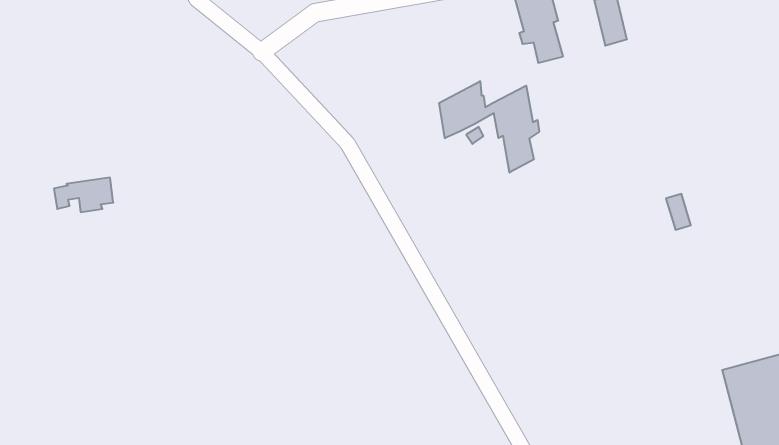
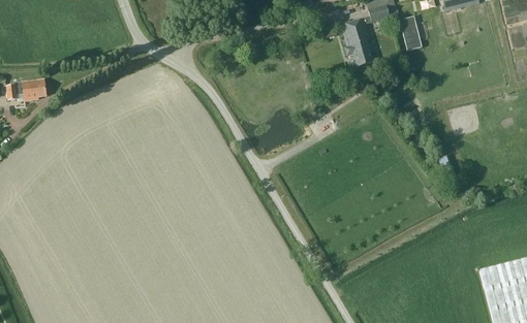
building: [439,81,539,173] -> none
building: [54,178,113,212] -> [7,78,47,101]

